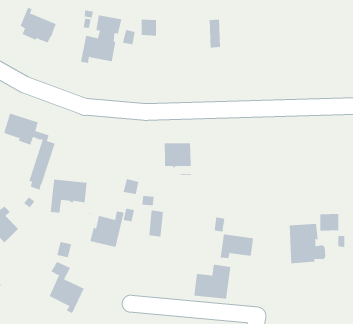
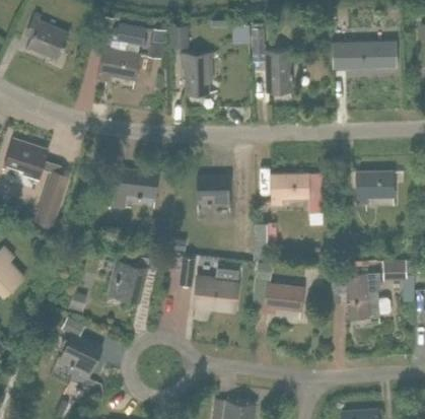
building: none -> [332,43,397,68]
building: none -> [265,51,292,92]
building: none -> [182,54,218,94]
building: none -> [356,172,404,207]
building: none -> [271,173,335,206]
building: [50,178,93,213] -> [114,168,164,210]
building: [194,264,231,299] -> [195,268,239,309]

